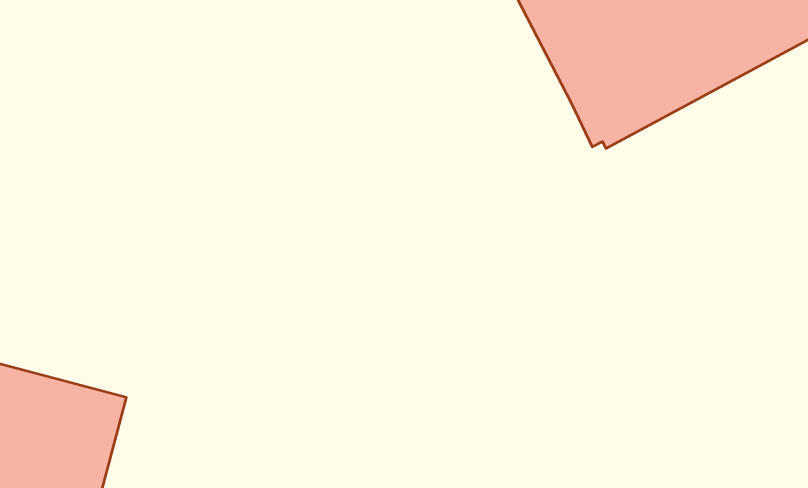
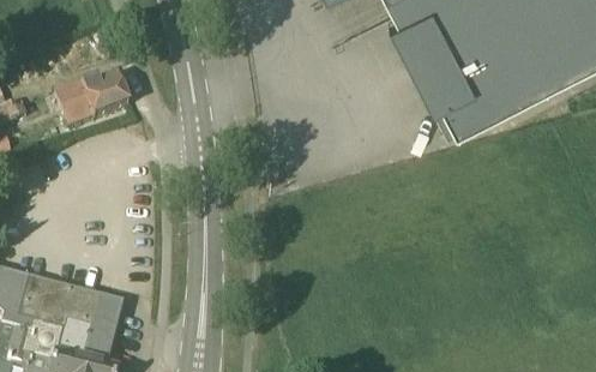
building: none -> [54,76,127,130]

